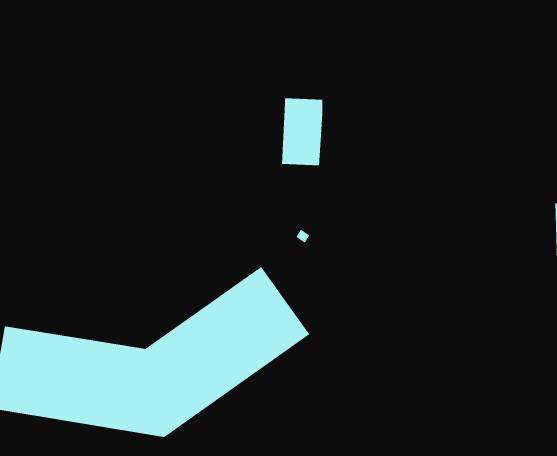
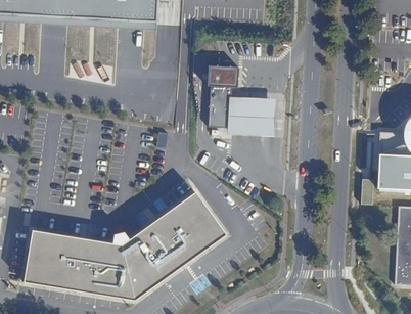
building: none -> [207,64,238,87]
building: none -> [231,95,277,135]

